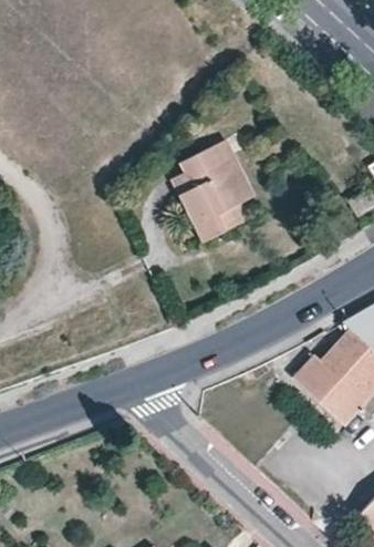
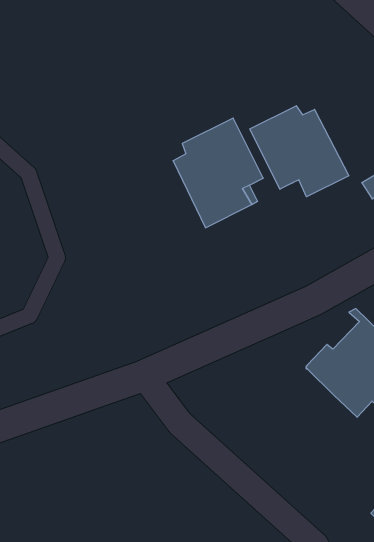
building: none -> [250,106,349,197]

